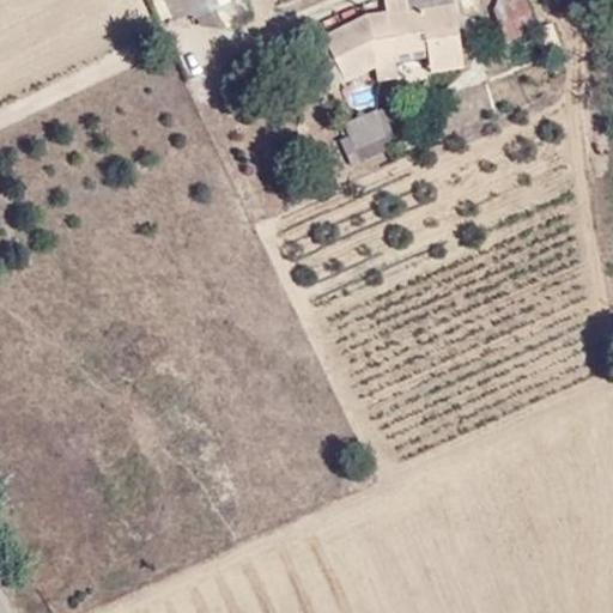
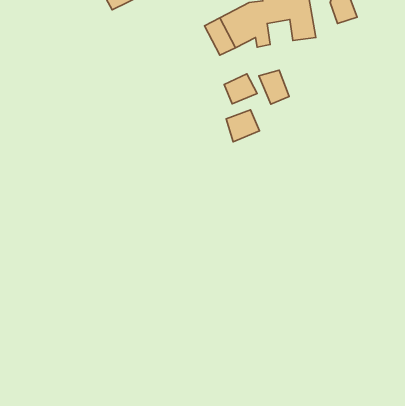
building: none -> [259,70,289,104]
building: none -> [226,110,259,142]

